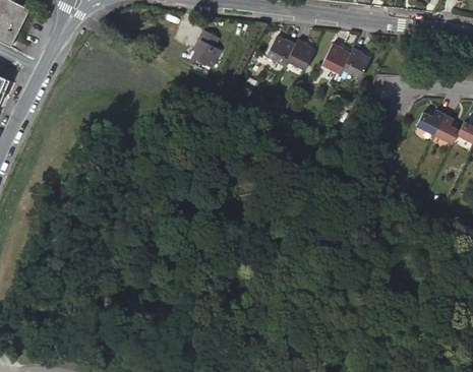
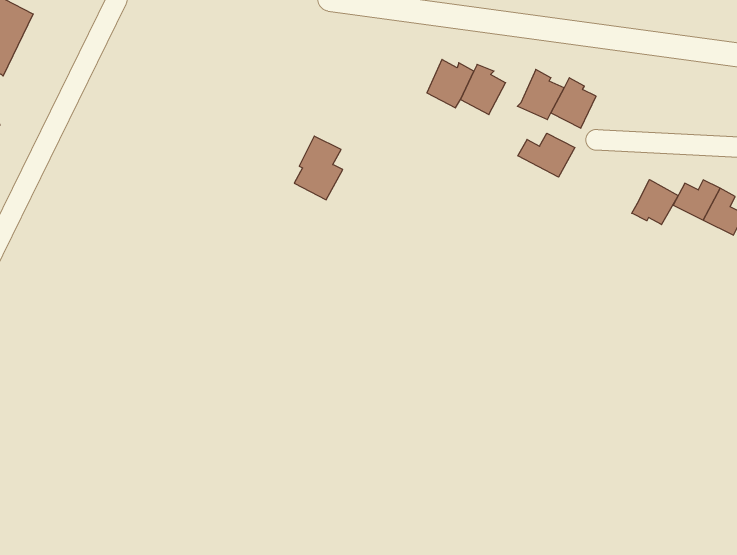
building: [191,29,221,68] -> [294,136,343,200]
building: none -> [518,133,575,177]
building: none -> [632,180,678,225]

